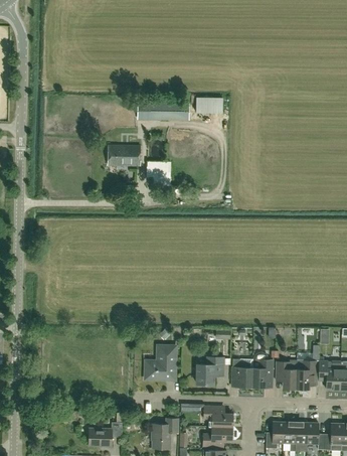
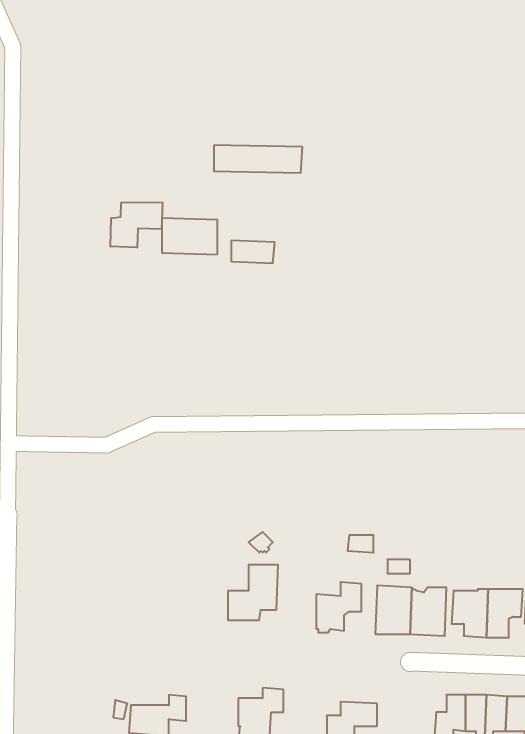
building: [197,95,224,111] -> none
building: none -> [110,202,162,248]
building: [204,406,232,427] -> none

